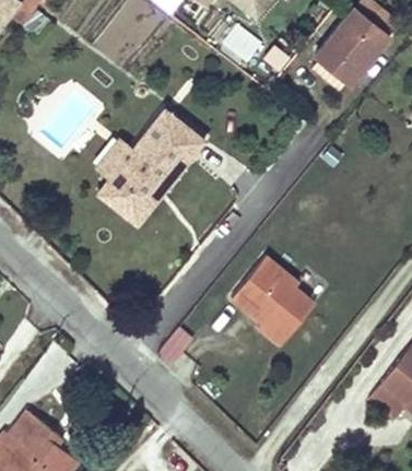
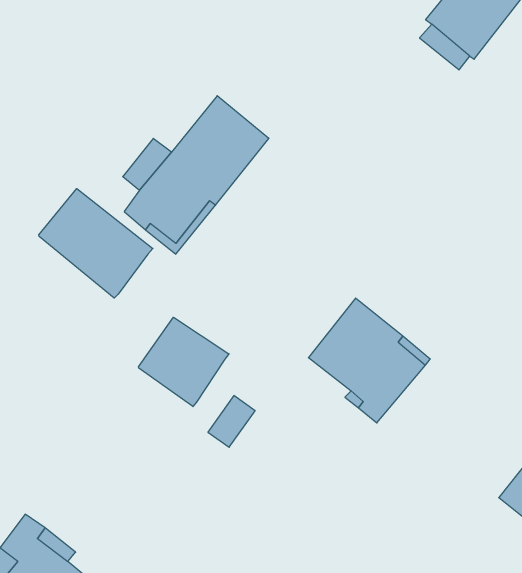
building: none -> [39,189,153,298]
building: none -> [138,317,229,407]

